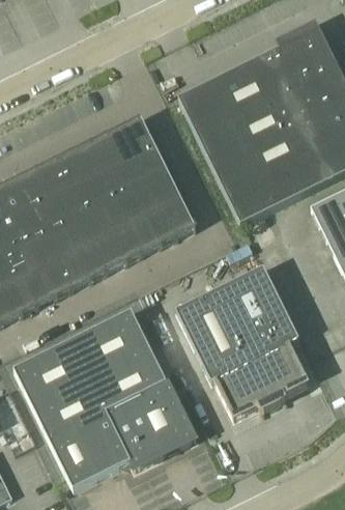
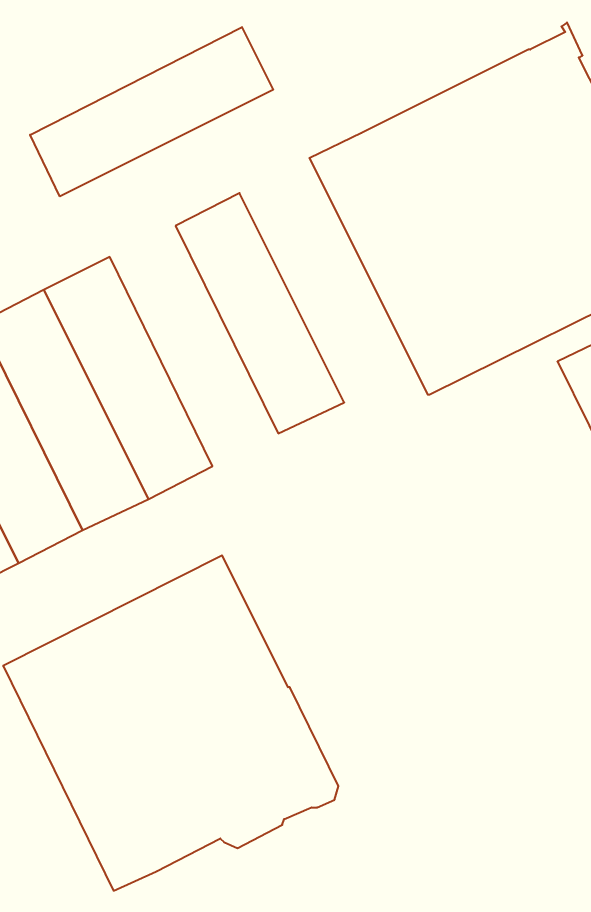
building: none -> [30,27,273,196]
building: [70,132,161,260] -> none
building: [175,264,307,417] -> none

